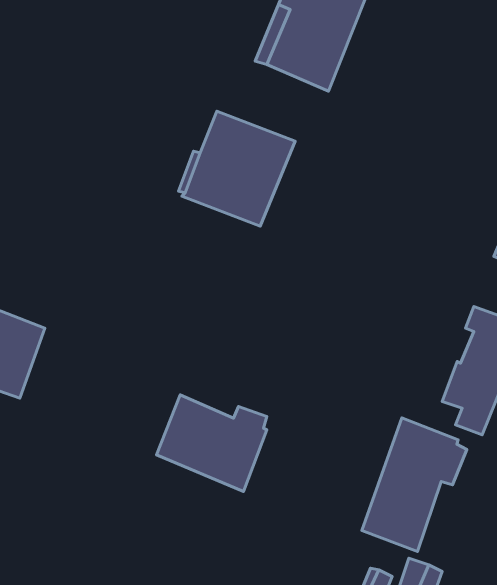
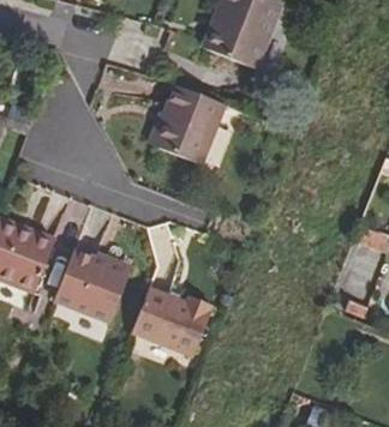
building: none -> [54,247,131,320]
building: [362,418,467,551] -> none

